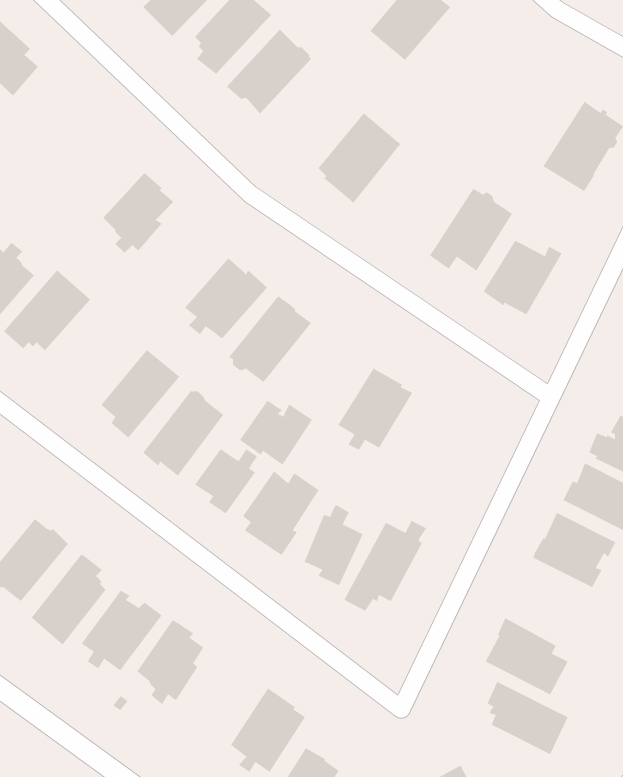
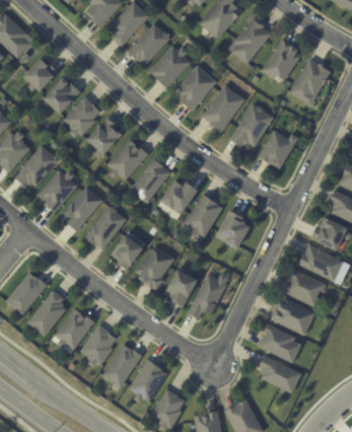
building: none -> [231,17,271,65]
building: none -> [261,39,300,80]
building: none -> [148,46,190,88]
building: none -> [20,59,57,92]
building: none -> [40,78,80,115]
building: none -> [201,84,244,132]
building: none -> [85,116,122,157]
building: none -> [36,169,77,212]
building: none -> [216,210,250,249]
building: [239,400,313,466] -> [160,179,198,213]
building: none -> [271,297,315,336]
building: none -> [102,344,142,387]

